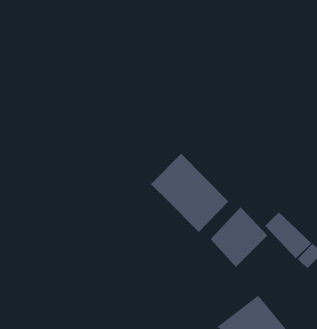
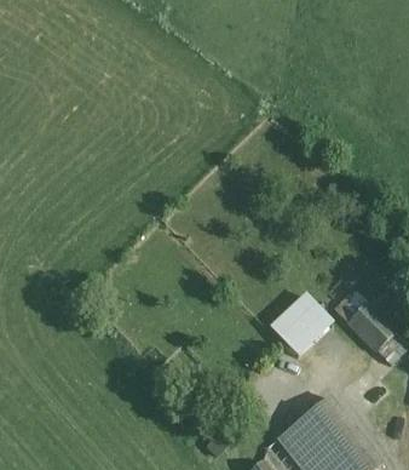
building: [150,153,229,233] -> none

